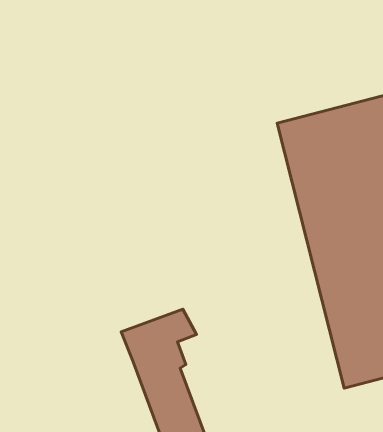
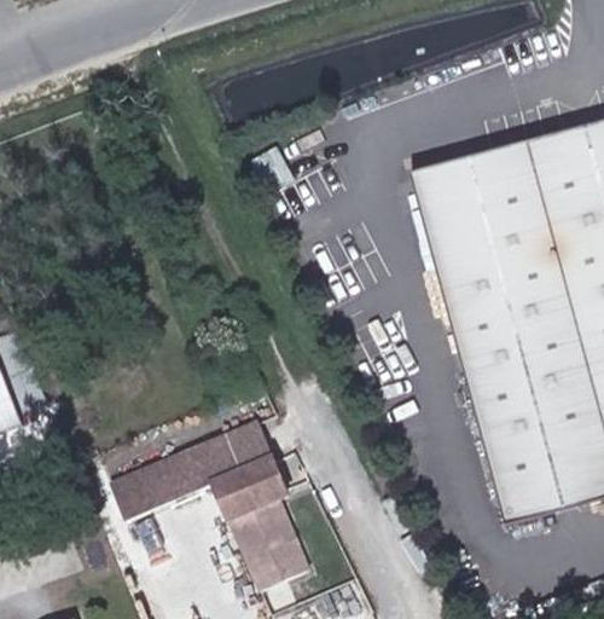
building: none -> [108,446,223,522]

